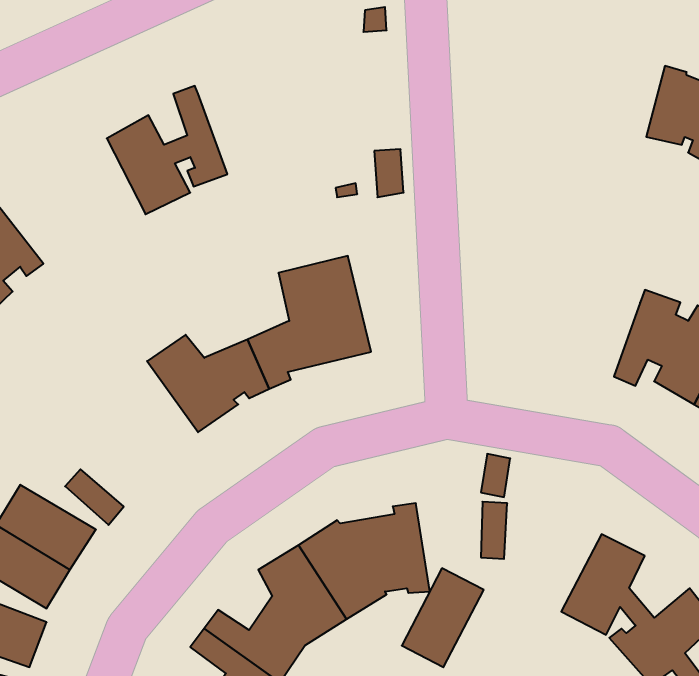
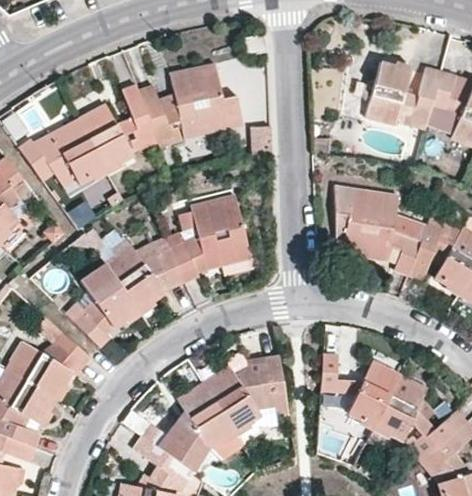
building: none -> [366,62,441,130]
building: none -> [139,64,242,148]
building: none -> [21,120,105,187]
building: none -> [335,187,425,274]
building: none -> [74,264,139,347]
building: [402,568,484,667] -> [347,362,400,426]

